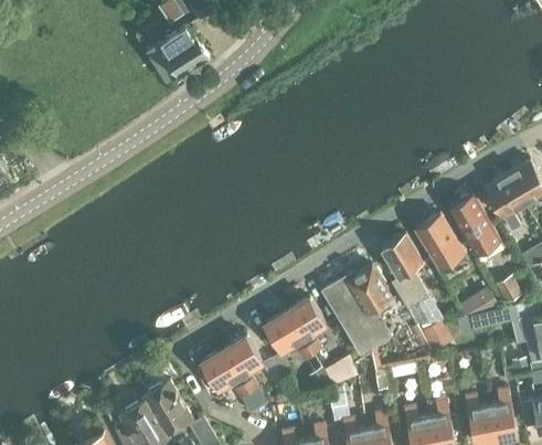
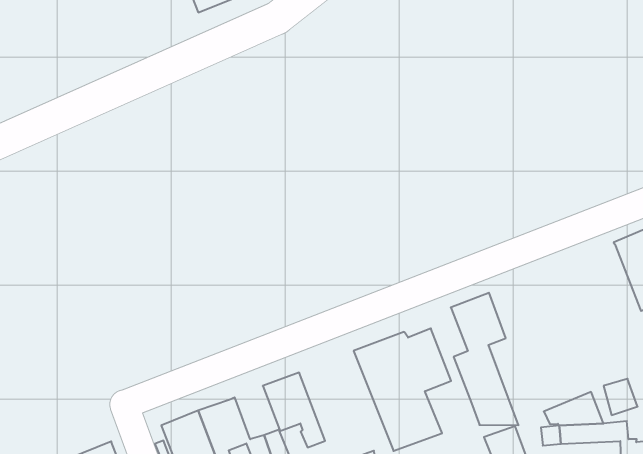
building: [449,194,504,261] -> none
building: [416,214,466,271] -> none
building: [288,298,328,354] -> none

